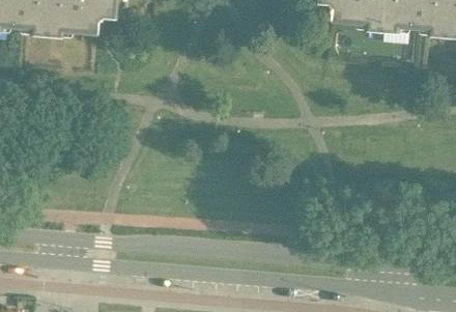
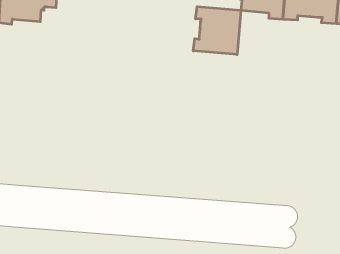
building: none -> [193,7,241,55]

